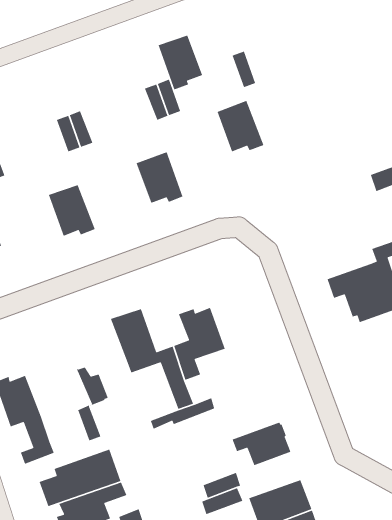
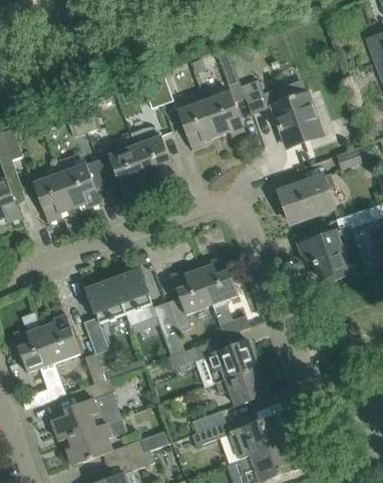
building: [157,34,203,91] -> [177,100,217,149]
building: none -> [241,78,322,147]
building: none -> [108,145,147,194]
building: none -> [33,172,72,221]
building: none -> [279,173,335,222]
building: none -> [199,255,250,336]
building: none -> [86,278,125,322]
building: none -> [40,313,80,363]
building: none -> [206,339,258,383]

